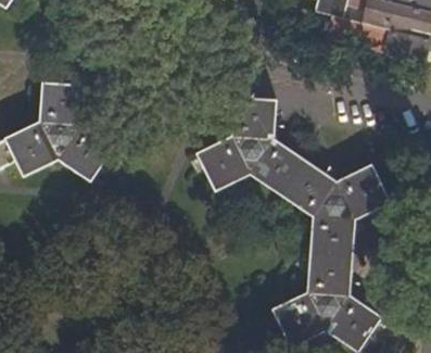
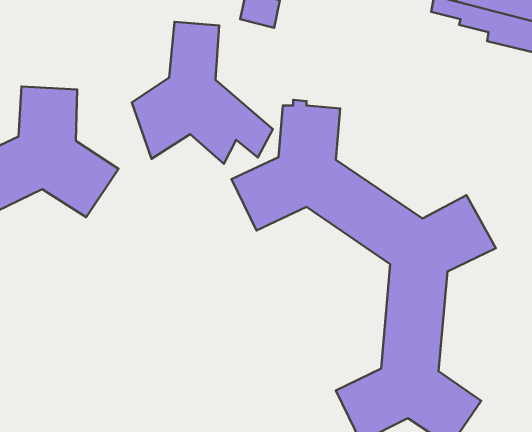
building: none -> [132,22,273,164]

